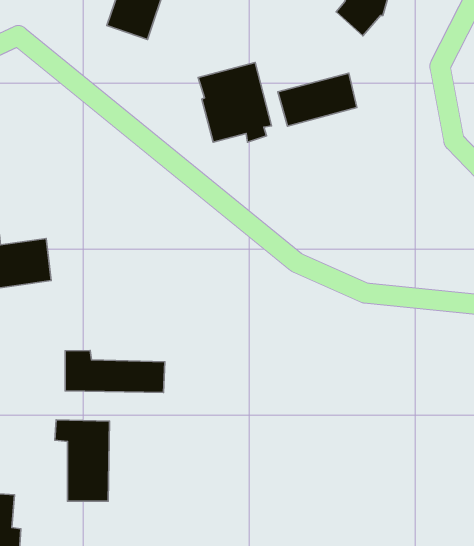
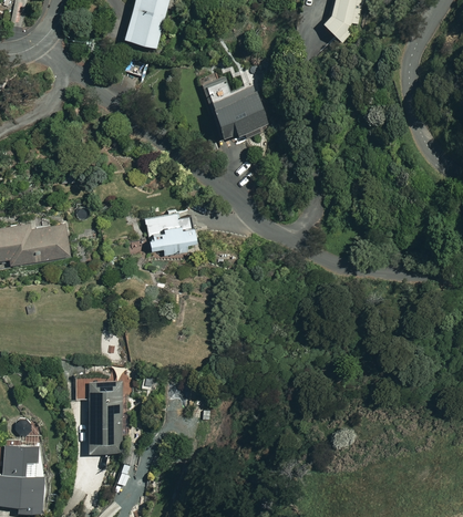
building: [278,73,357,126] -> none
building: none -> [144,209,193,258]
building: [65,350,165,392] -> none

